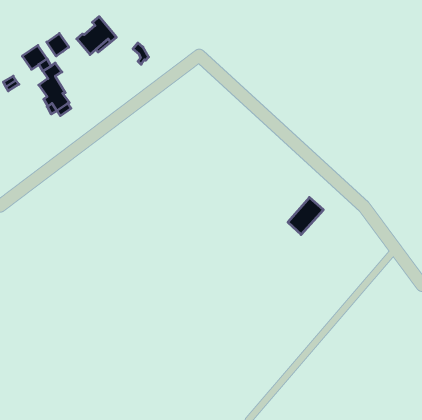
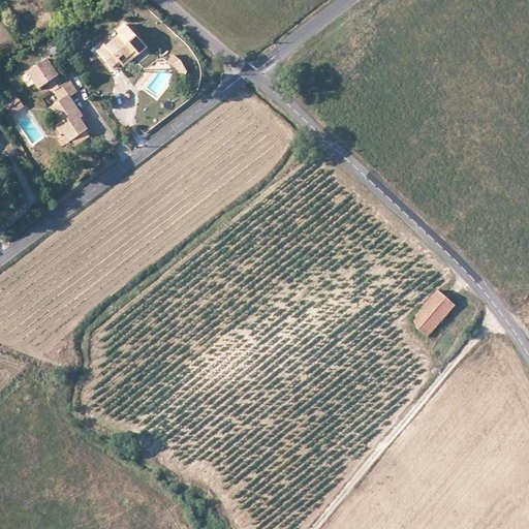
building: [47,33,69,56] -> none
building: [288,197,323,235] -> [411,290,456,337]

